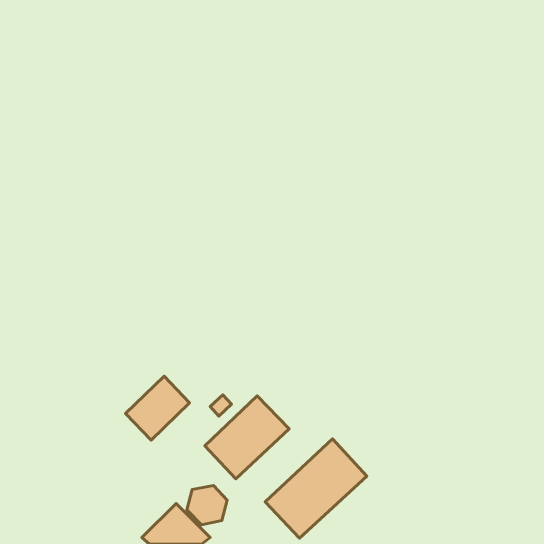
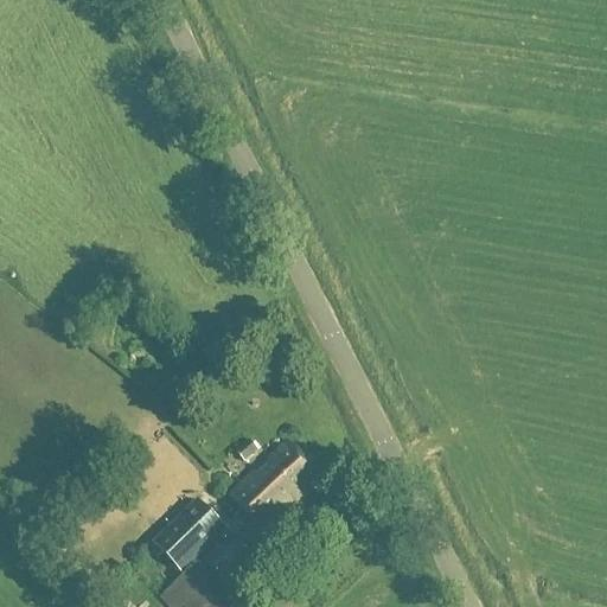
building: [126,376,190,440] -> [153,500,224,571]
building: [265,439,367,538] -> none

